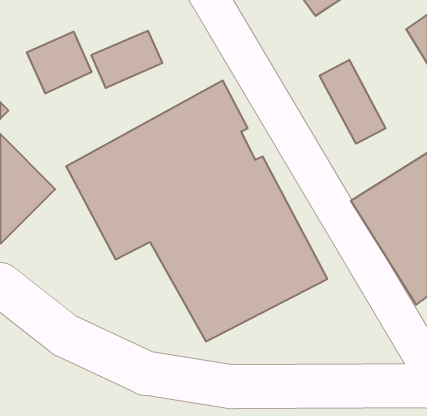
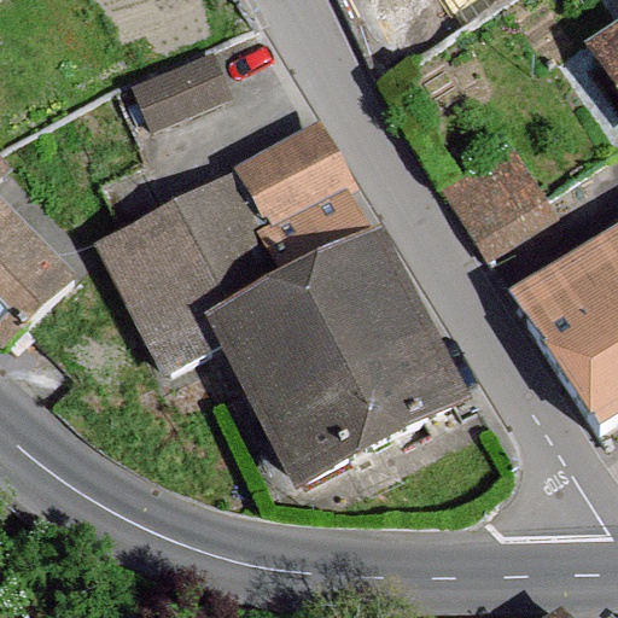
building: [27,32,91,94] -> none
building: [320,60,385,144] -> none

